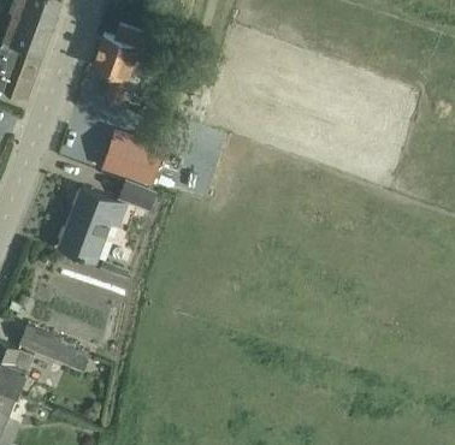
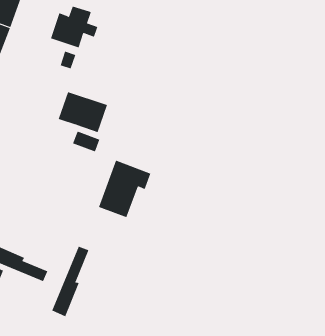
building: [59,189,125,261] -> [98,160,151,218]
building: none -> [51,246,89,317]

